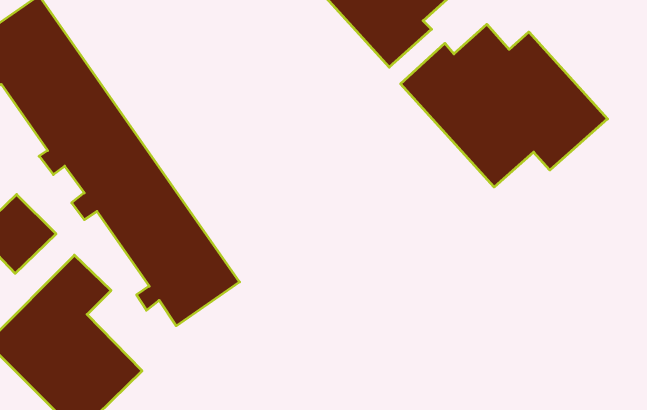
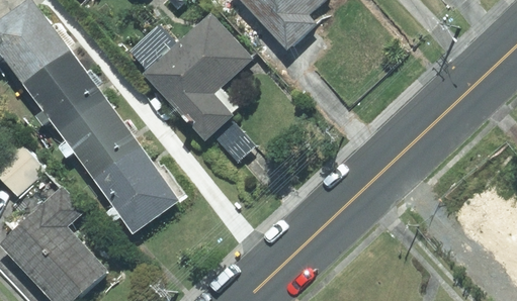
building: none -> [145,12,252,140]
building: [401,24,608,187] -> none

